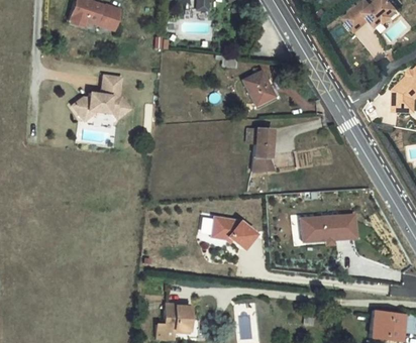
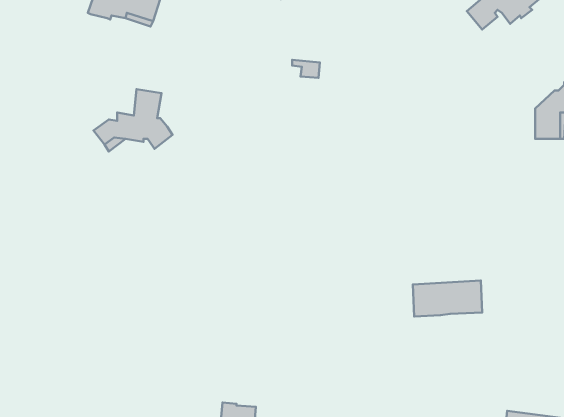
building: [243,71,274,104] -> none
building: [248,128,274,170] -> none
building: [211,216,254,248] -> none

